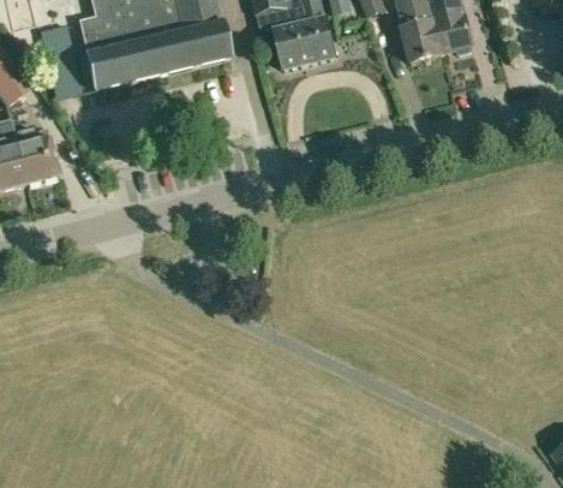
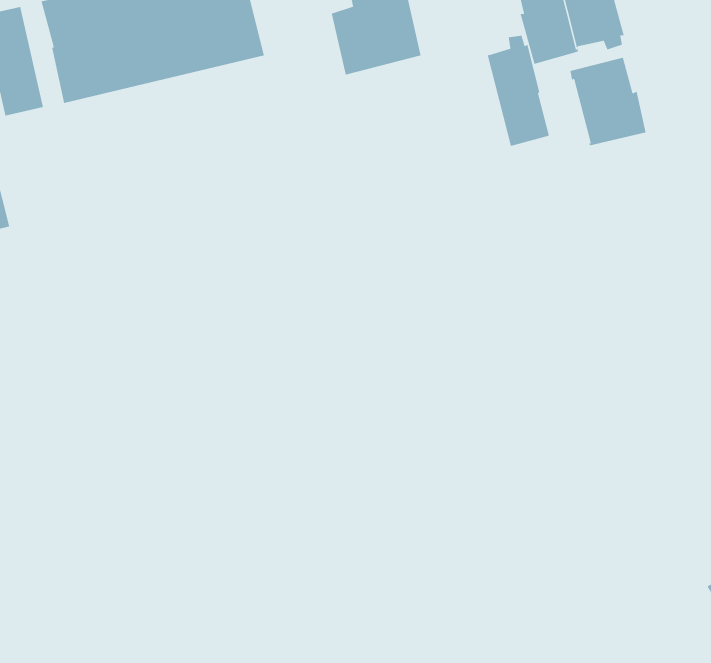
building: none -> [486,35,550,147]
building: none -> [570,57,647,146]

